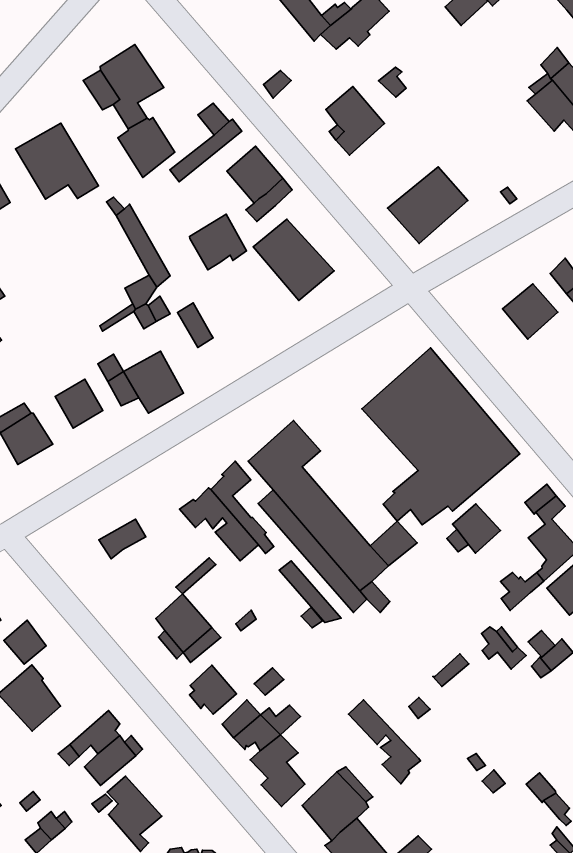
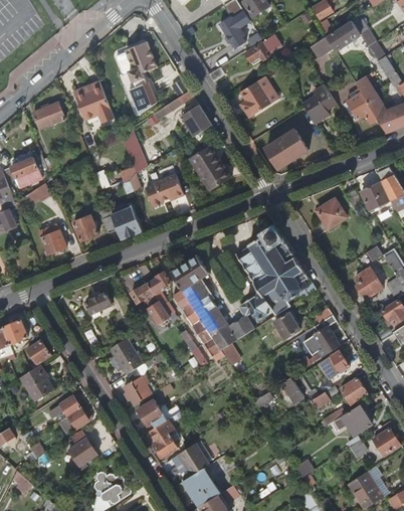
building: none -> [301,83,338,124]
building: [190,214,247,270] -> [154,174,183,202]
building: [348,700,421,784] -> none

